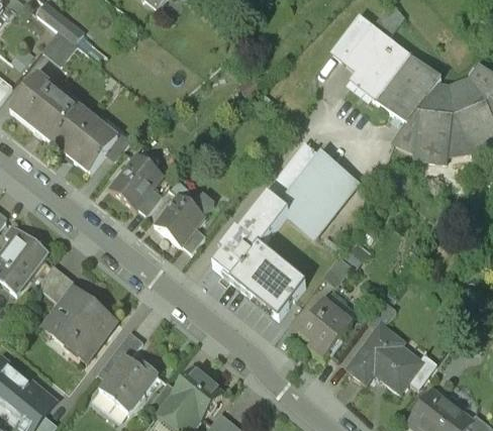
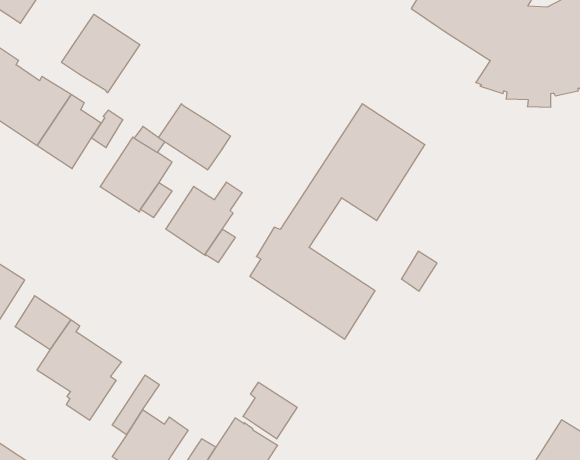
building: none -> [62,14,140,93]
building: none -> [159,104,231,170]
building: [298,296,352,357] -> none
building: [347,323,419,391] -> none
building: none -> [243,382,297,439]

